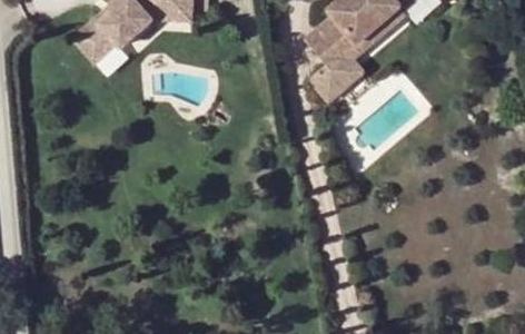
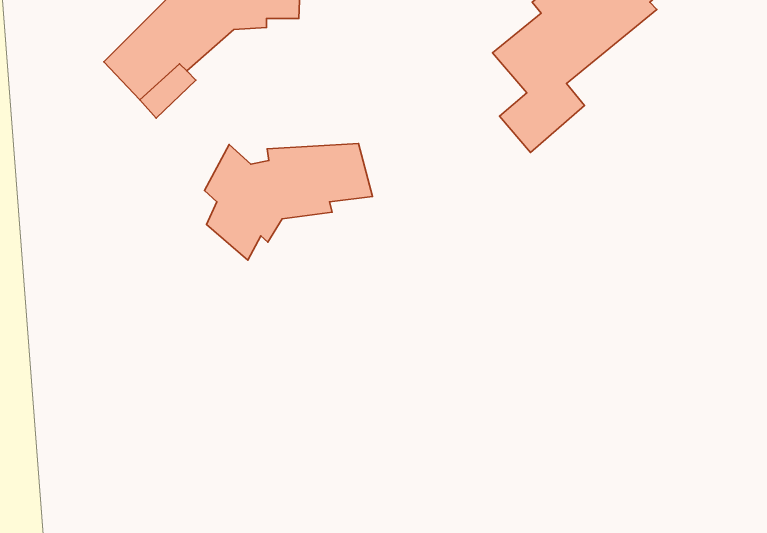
building: none -> [205,144,373,260]

